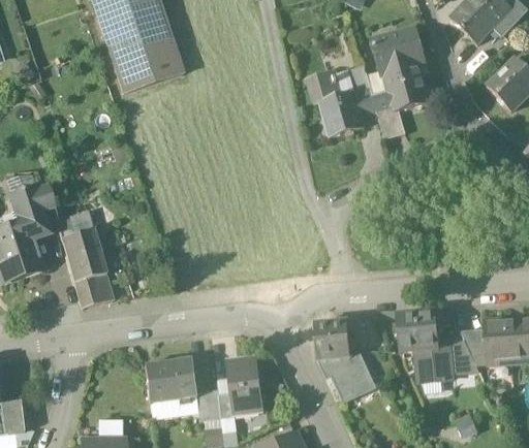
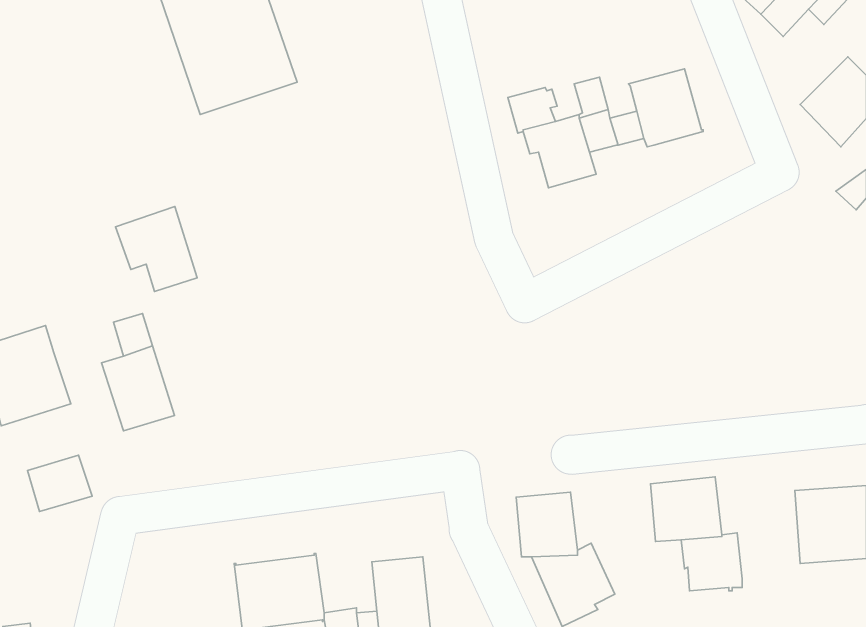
building: [373,27,424,74] -> none
building: [376,105,405,137] -> none
building: [10,184,60,235] -> [116,206,197,291]
building: [76,274,116,308] -> [28,455,92,511]
building: [449,339,480,373] -> none

